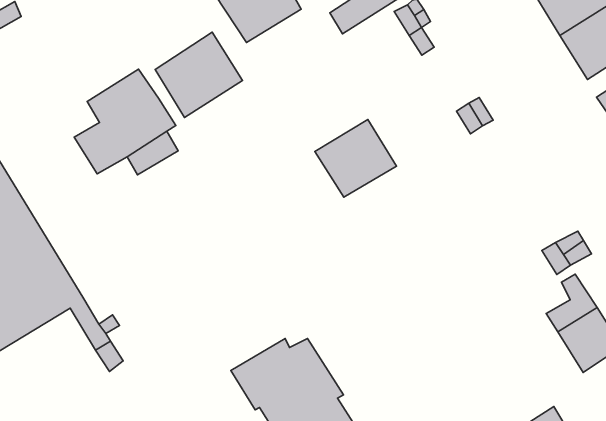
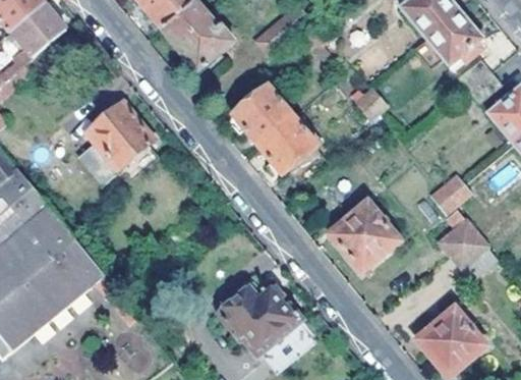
building: [155,32,243,117] -> none
building: none -> [232,85,292,143]
building: none -> [331,202,398,270]

